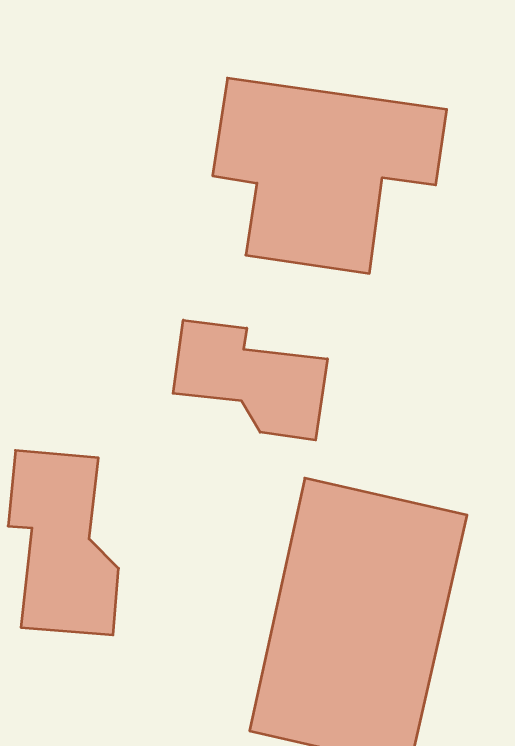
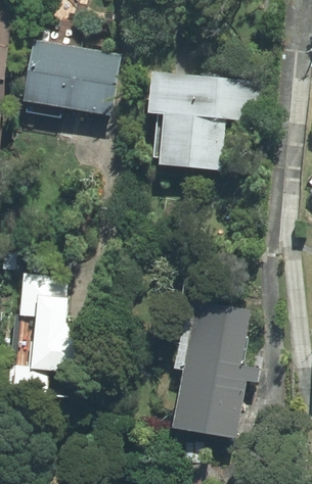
building: none -> [21,39,122,115]
building: [173,320,327,440] -> none

